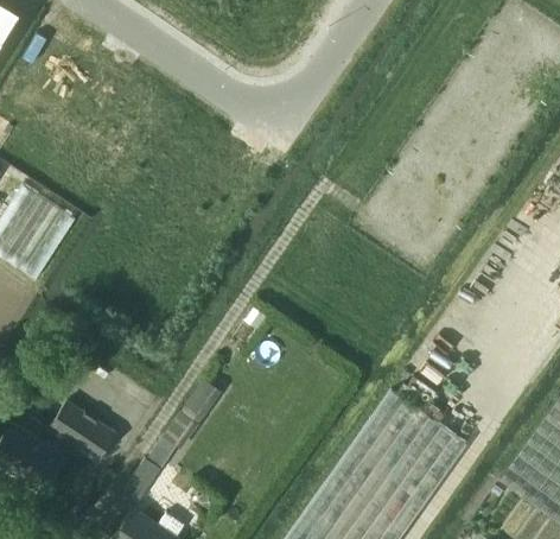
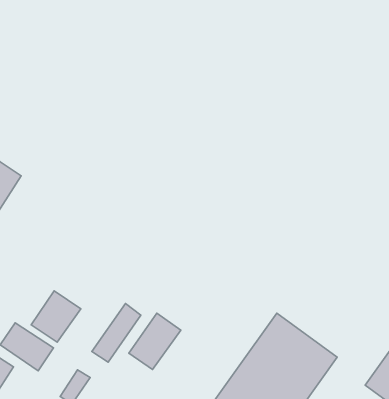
building: none -> [31,291,81,342]
building: none -> [129,313,181,369]

